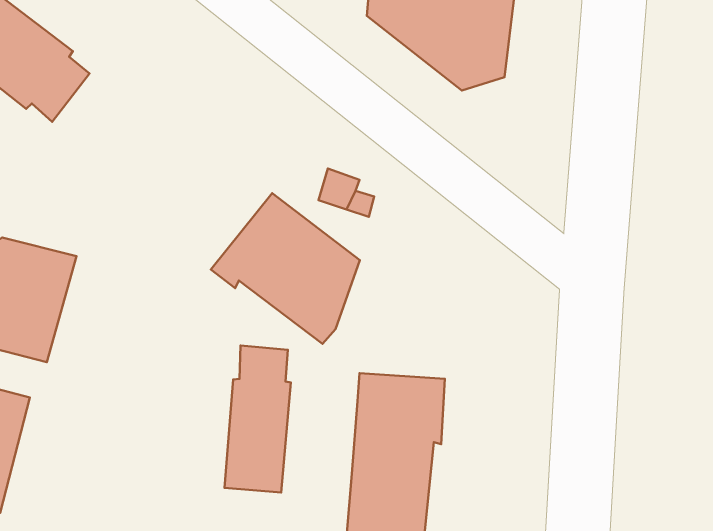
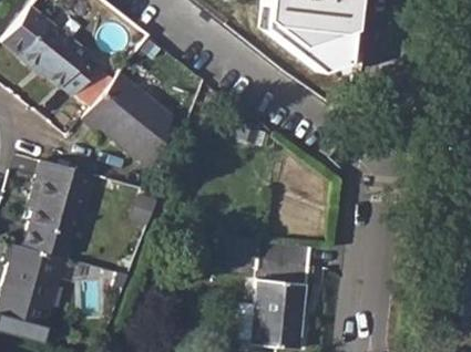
building: [211,193,360,344] -> [81,73,170,163]
building: [225,346,291,493] -> none

